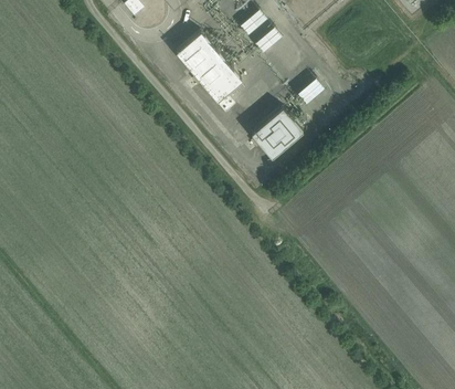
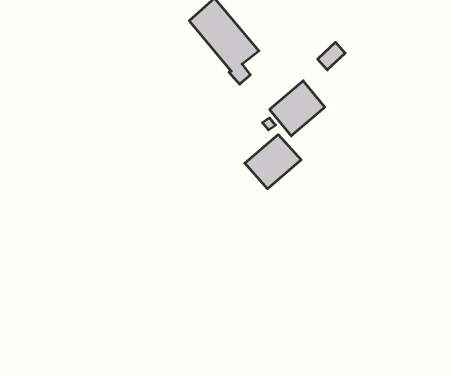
building: none -> [245,135,301,189]

